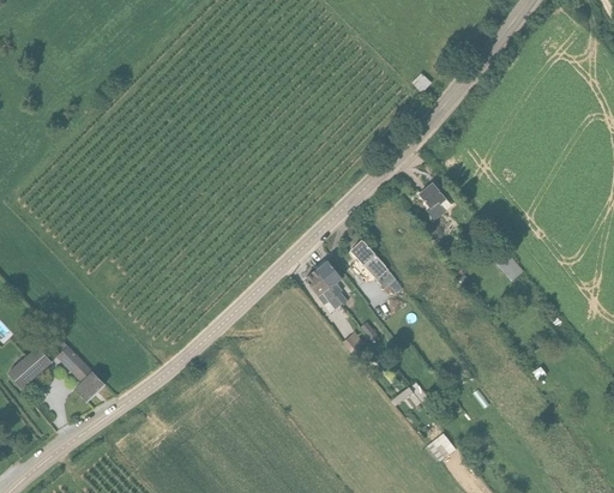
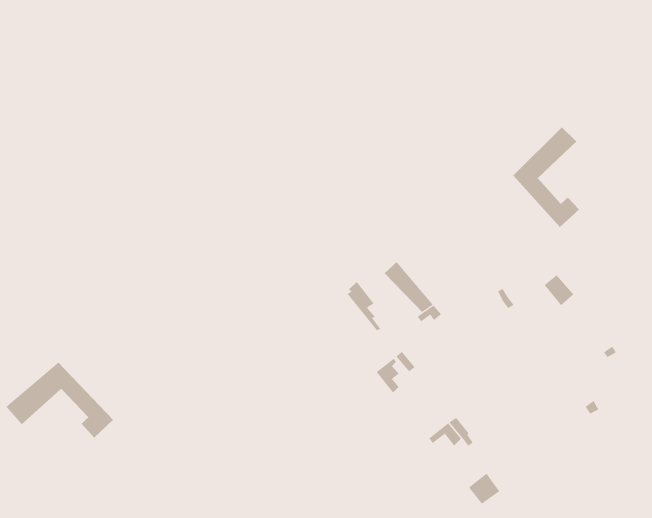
building: none -> [513,126,580,228]
building: [420,182,452,221] -> none
building: [305,270,343,313] -> none

